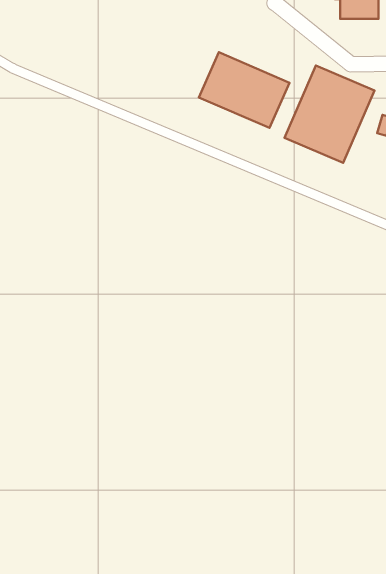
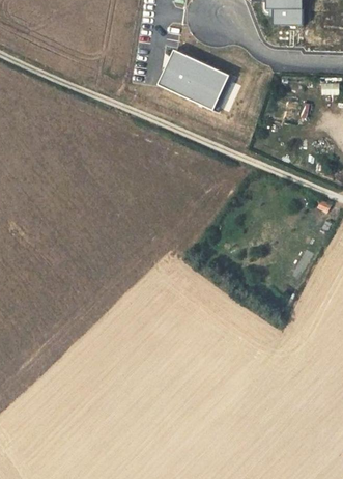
building: [284,65,374,163] -> none

